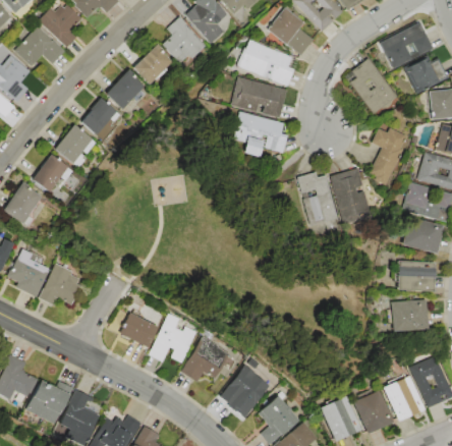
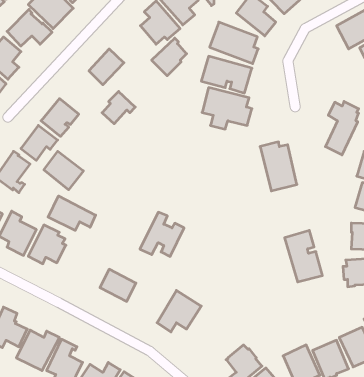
building: [132,44,171,86] -> [152,38,187,76]
building: [344,59,395,114] -> none
building: [81,98,118,133] -> [102,91,135,124]
building: [330,168,372,225] -> [285,230,322,282]
building: none -> [44,151,83,190]
building: none -> [48,196,96,230]
building: [149,314,197,363] -> [140,212,184,256]
building: [221,369,268,408] -> none

